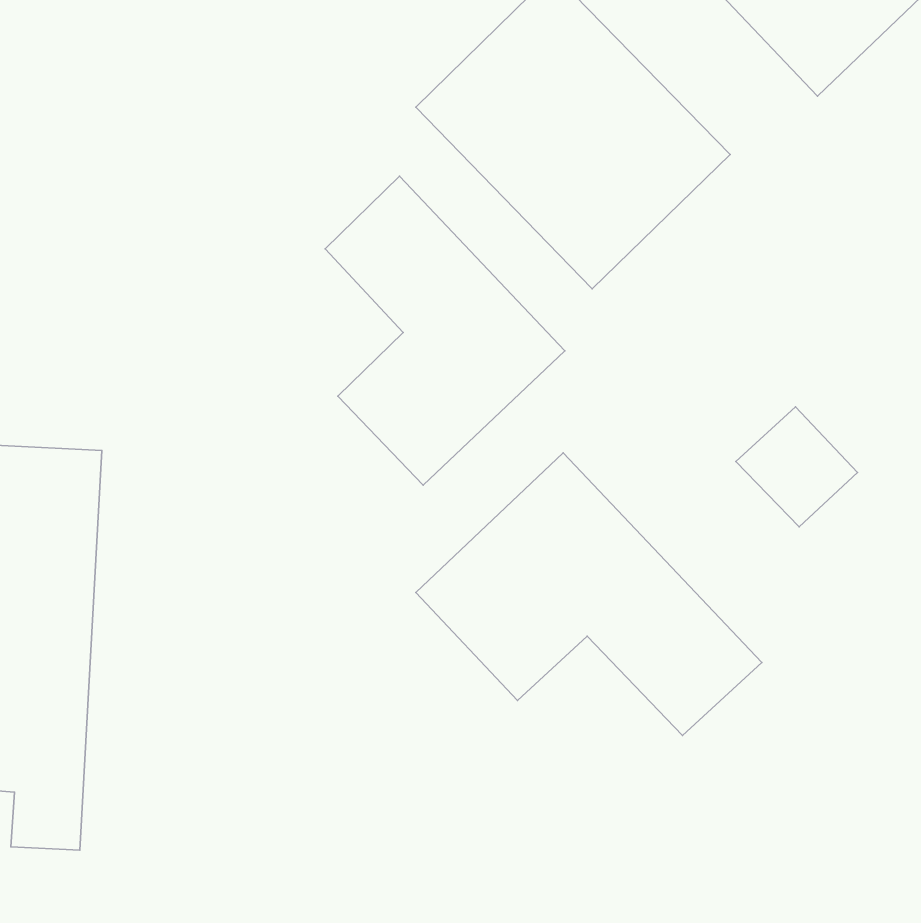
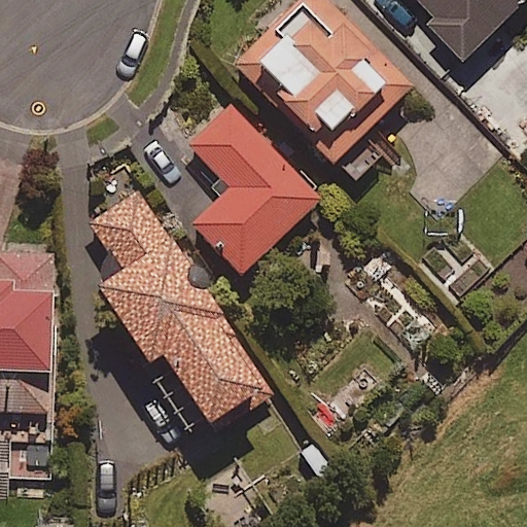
building: none -> [91,191,267,426]
building: [416,453,762,736] -> none

